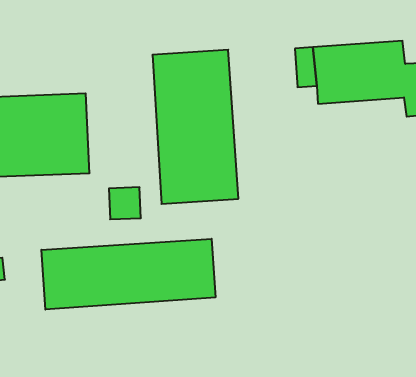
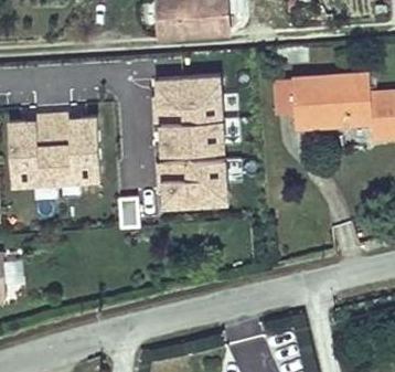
building: [41,239,215,310] -> none

